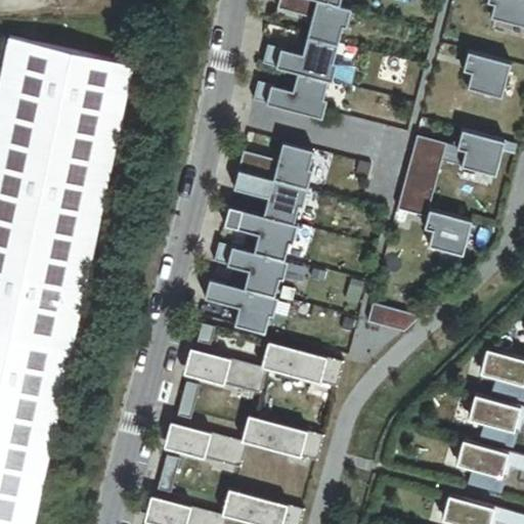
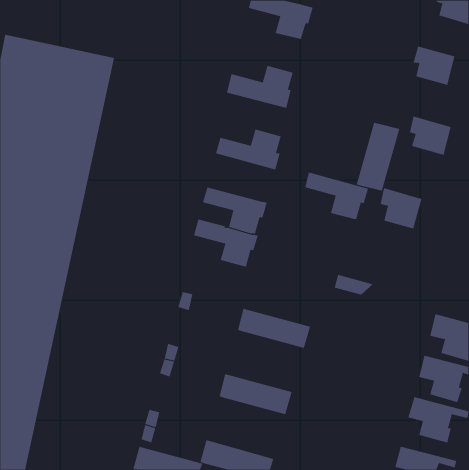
building: [262,37,336,82] -> none
building: [235,171,307,224] -> [304,172,369,220]
building: [206,280,278,335] -> none
building: [188,349,267,394] -> none
building: [168,423,247,468] -> none

